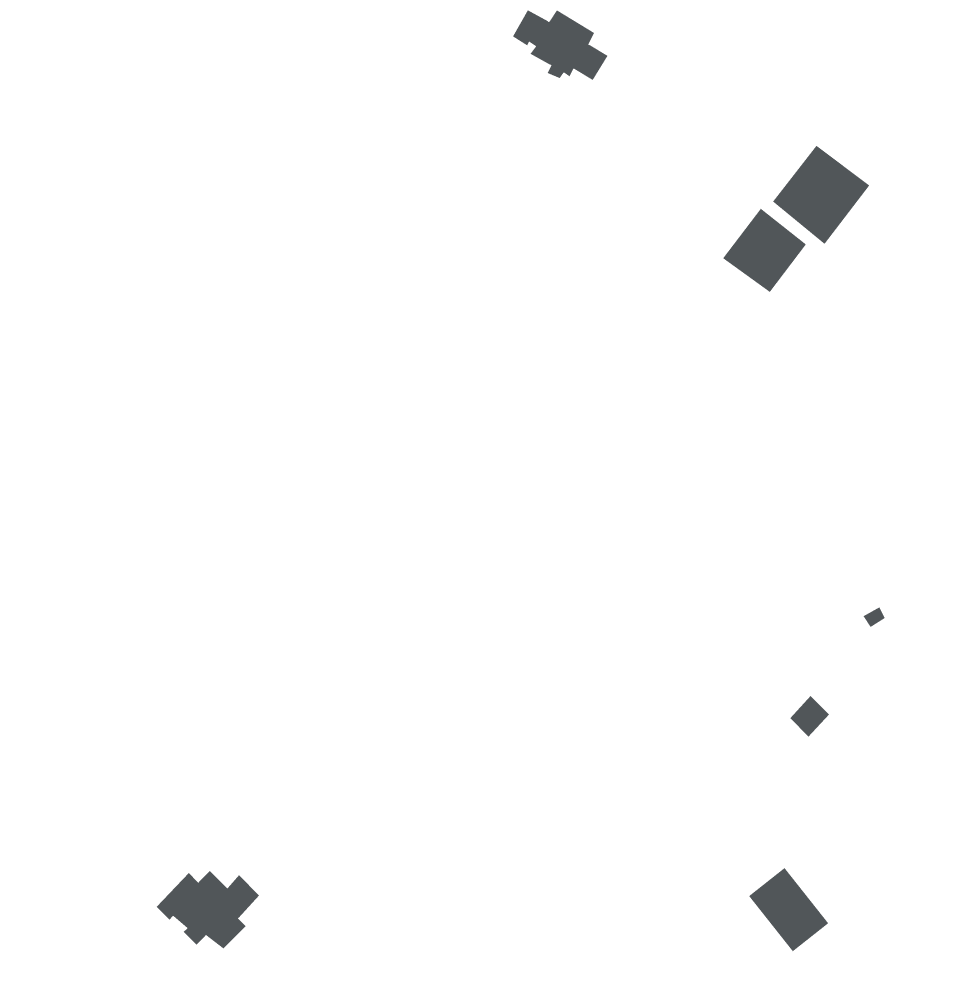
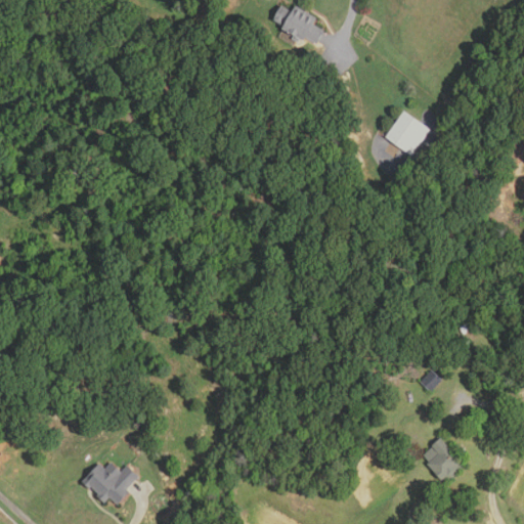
building: [772,145,870,245] -> none
building: [748,867,829,952] -> [421,438,464,483]

